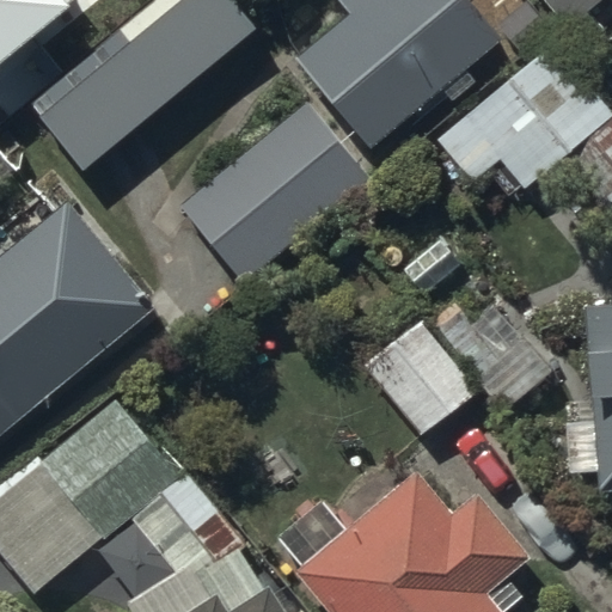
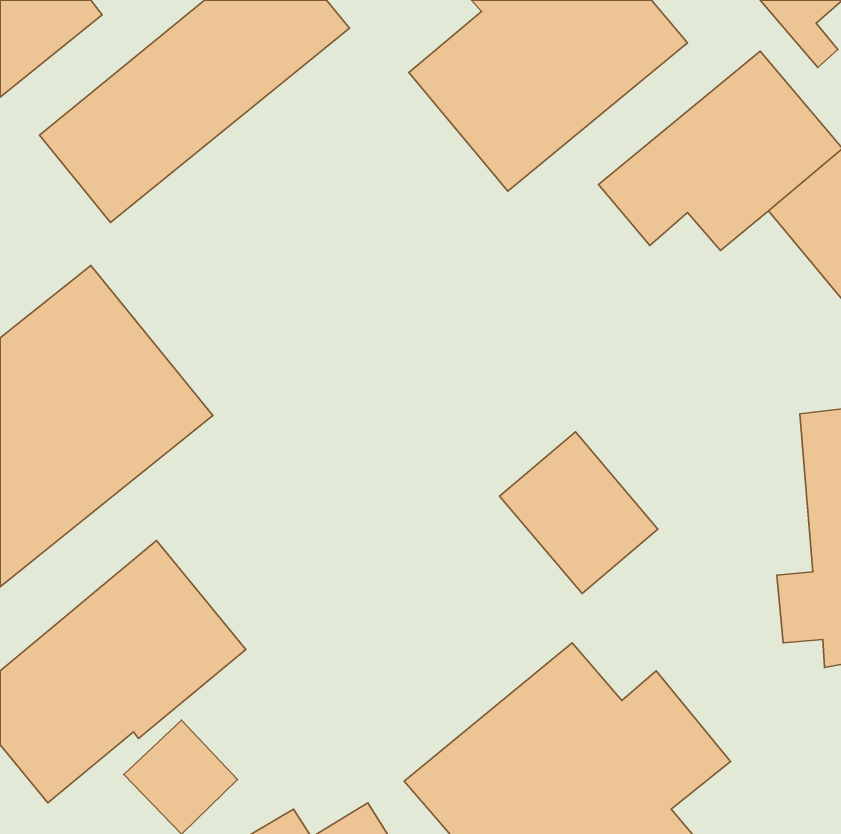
building: [180,102,371,281] -> none

